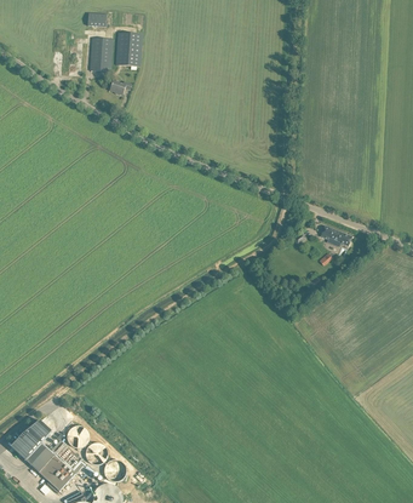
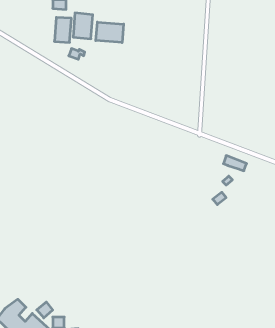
building: none -> [96,22,124,43]

